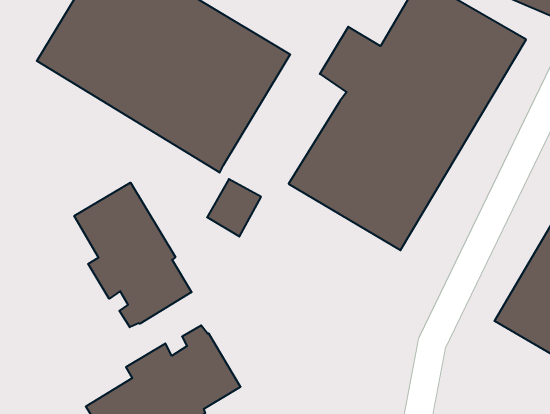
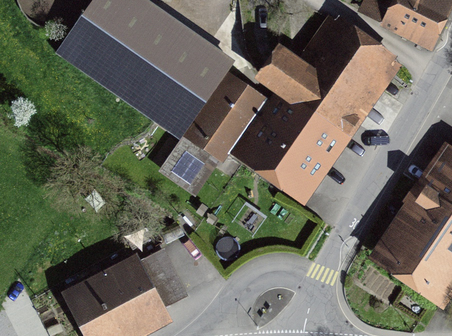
building: none -> [184,69,269,161]
building: [74,183,192,327] -> none

